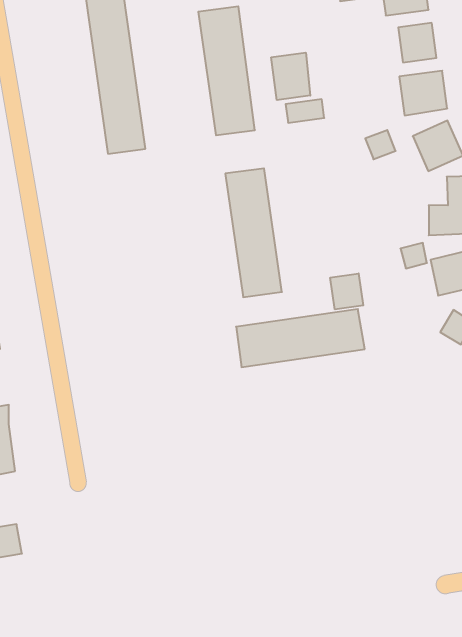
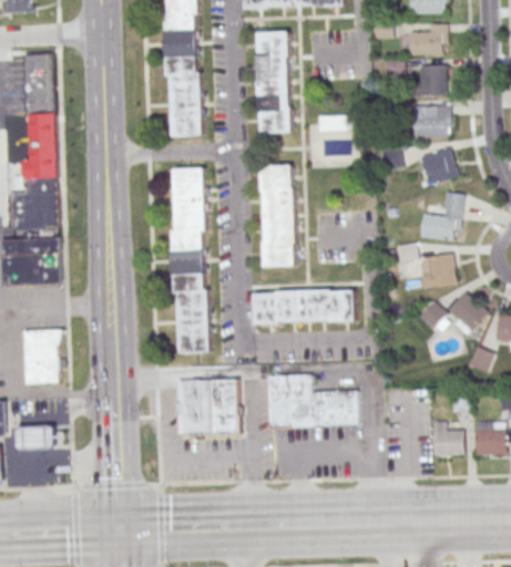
building: [271,53,310,100] -> none
building: none -> [171,167,209,354]
building: [330,273,363,309] -> none
building: none -> [267,373,358,429]
building: none -> [176,378,239,439]

